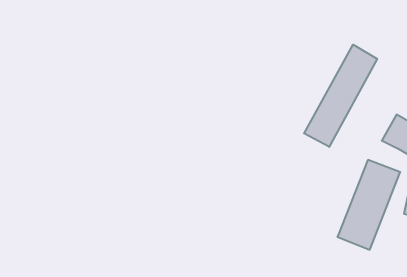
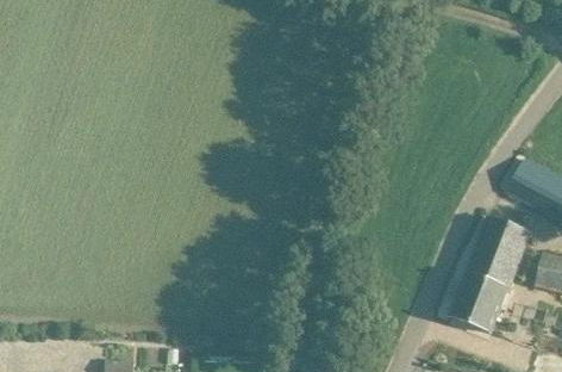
building: [304,45,377,147] -> none

